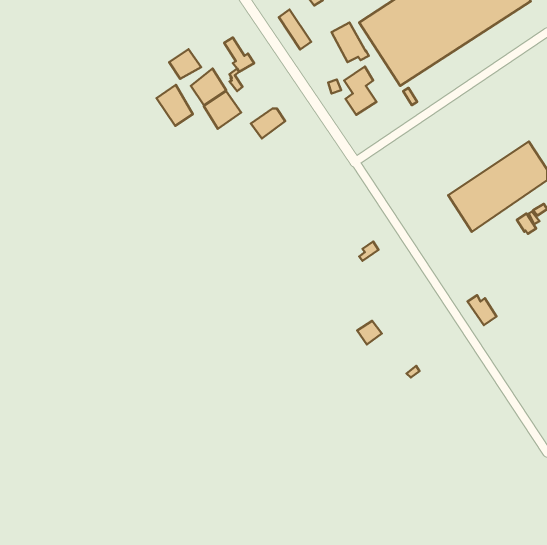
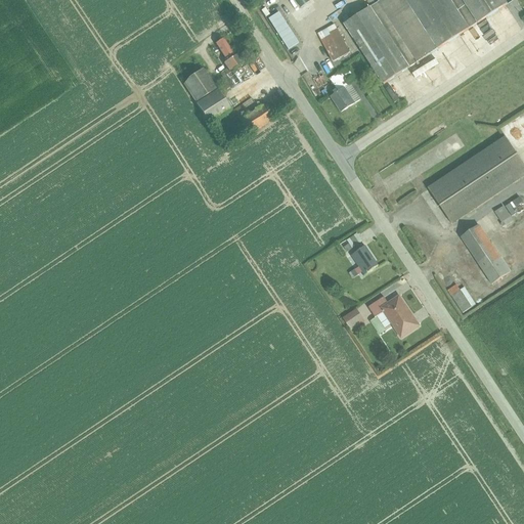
building: [169,49,201,79] -> none
building: [156,85,193,126] -> none
building: none -> [460,222,510,282]
building: none -> [348,244,377,276]
building: none -> [366,294,417,336]

